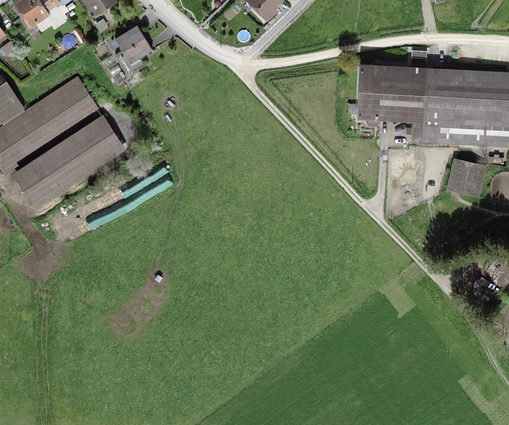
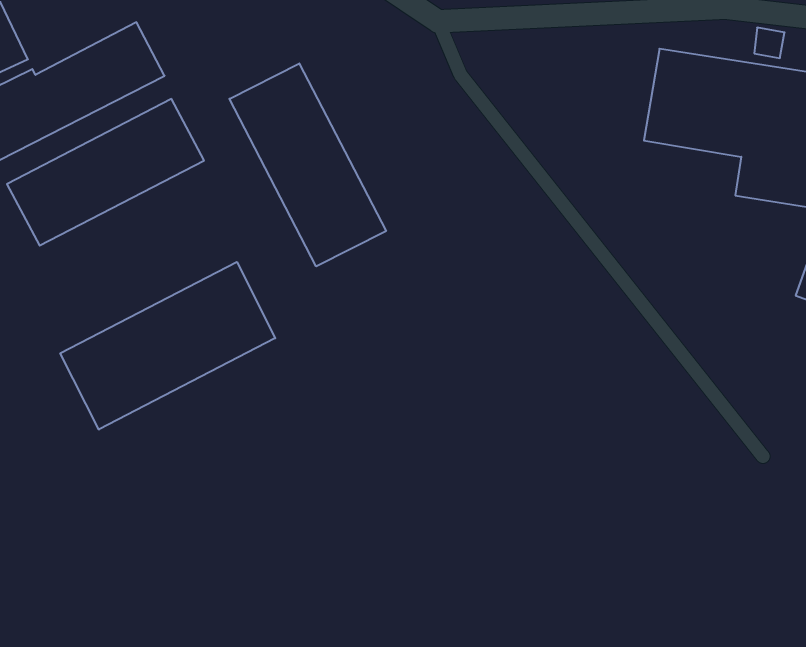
building: none -> [229,63,386,266]
building: none -> [60,262,275,430]

